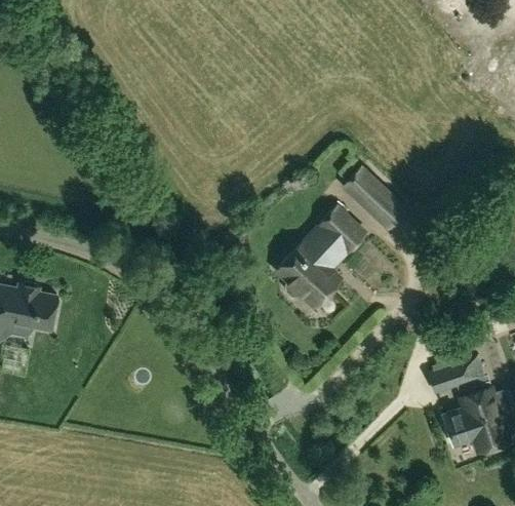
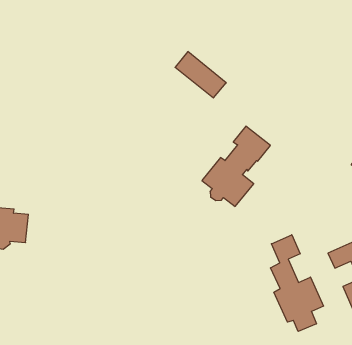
building: [345,168,407,229] -> [175,52,226,98]
building: none -> [271,235,323,331]

